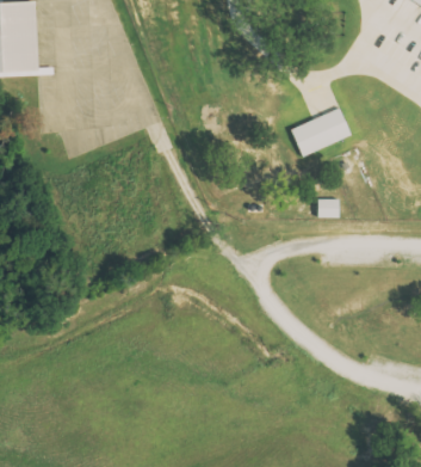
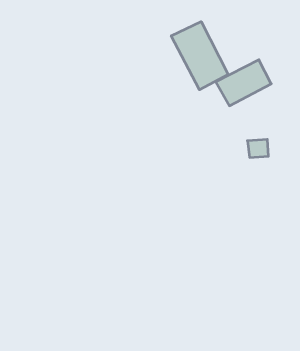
building: none -> [171,22,228,90]

